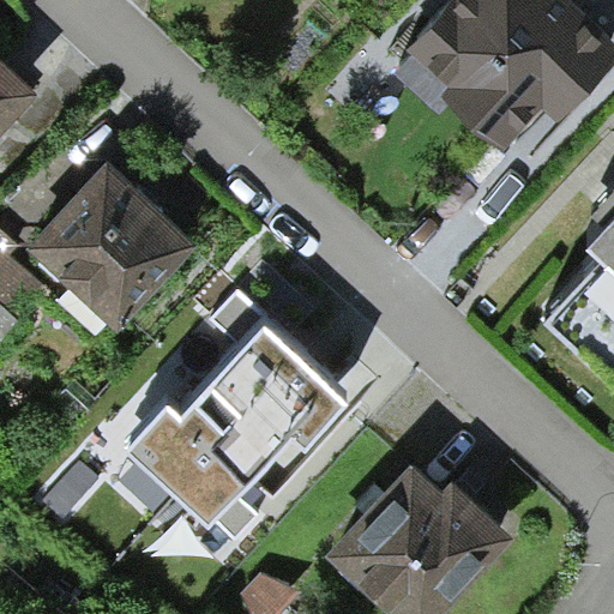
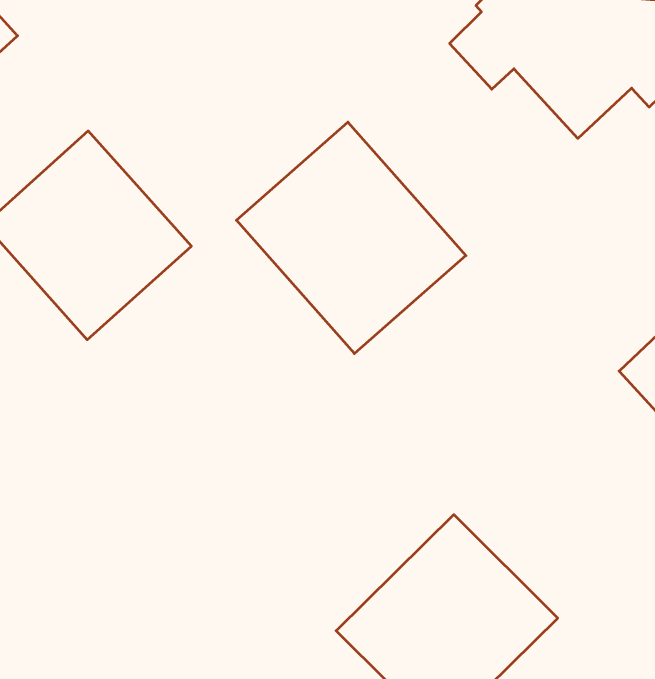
building: none -> [236,122,466,354]
building: [126,308,347,508] -> none

